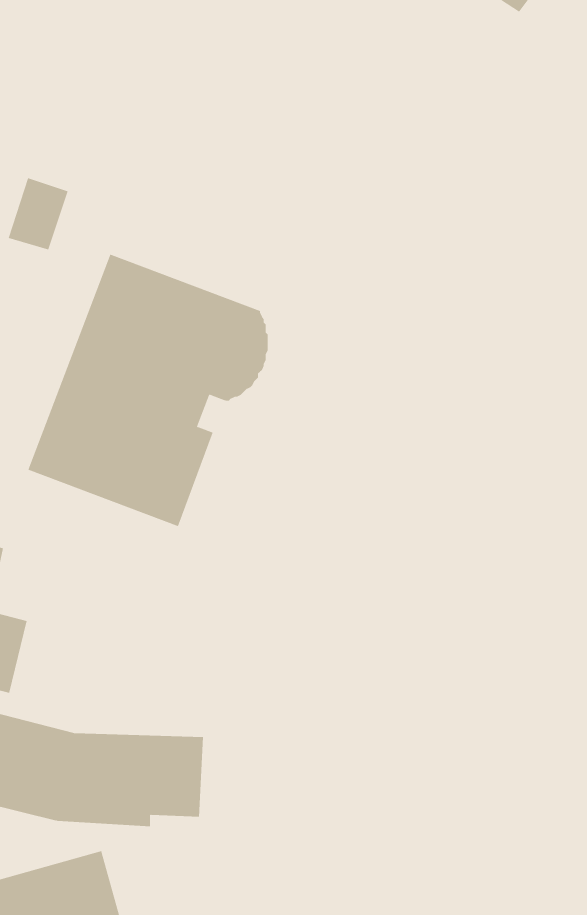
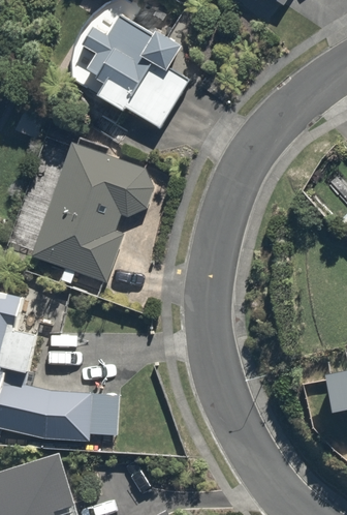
building: none -> [66,16,187,129]

